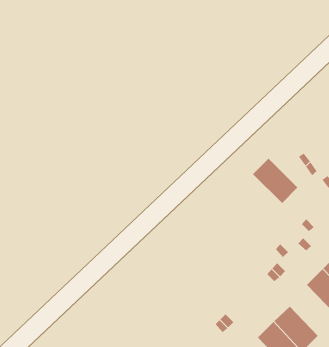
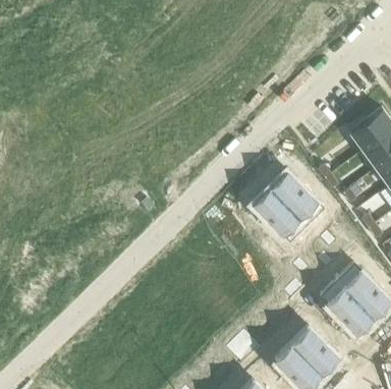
building: none -> [252,188,300,237]

